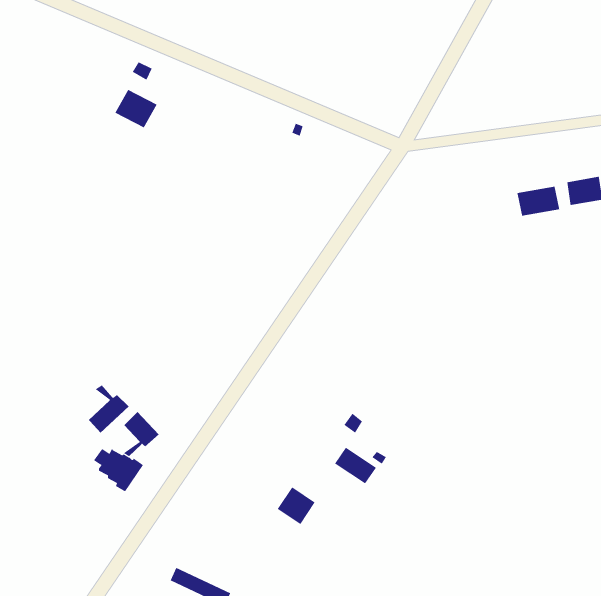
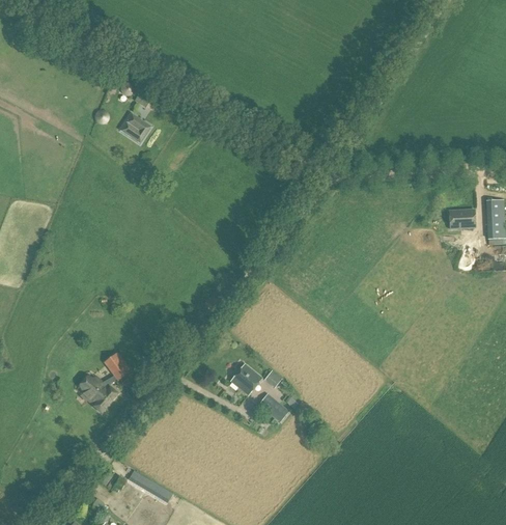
building: [517,186,560,216] -> none
building: [88,385,130,434] -> none
building: [277,486,316,525] -> [231,364,260,393]

